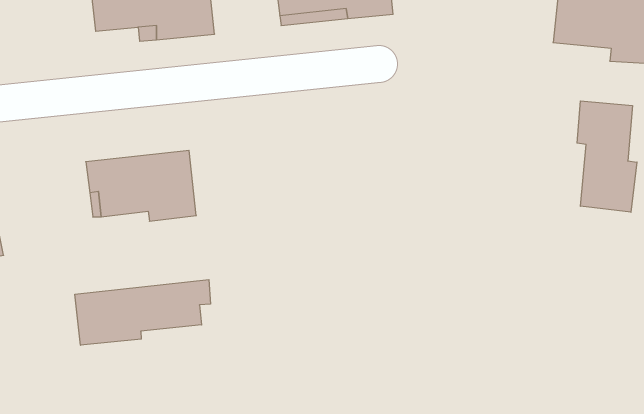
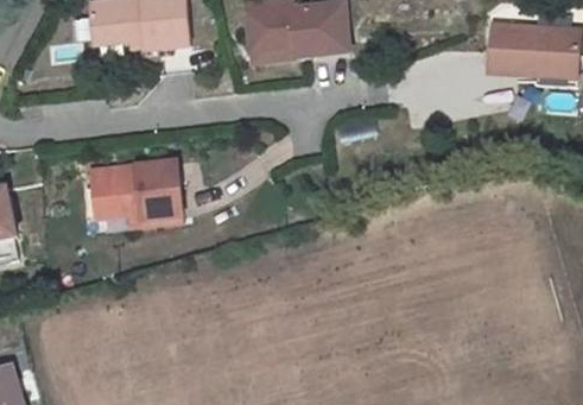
building: [577,101,637,212] -> none
building: [75,280,210,345] -> none

